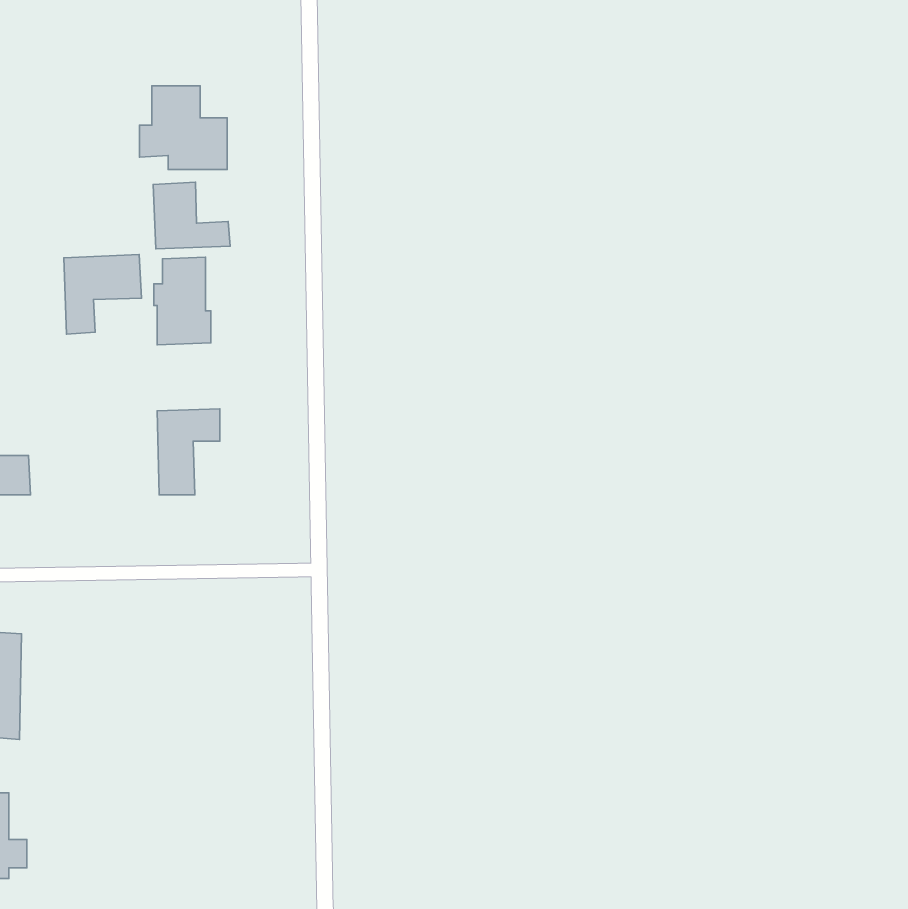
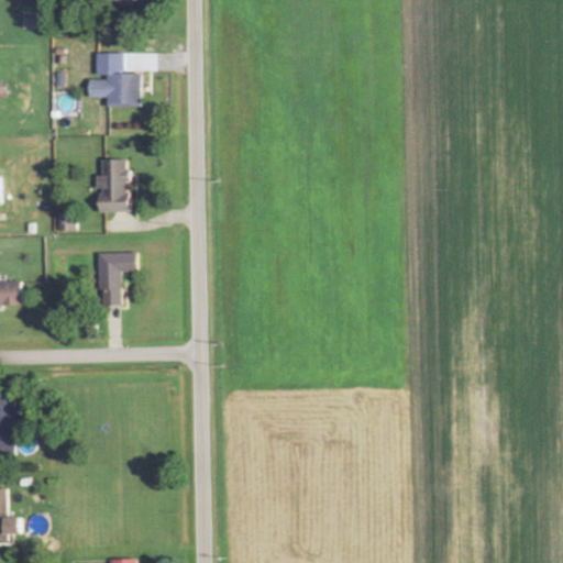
building: [153,182,230,249] -> none
building: [64,255,142,334] -> none

